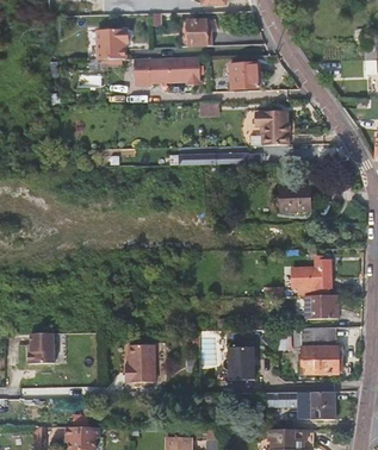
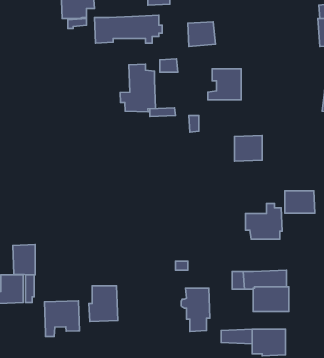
building: none -> [120,64,156,112]
building: [305,294,337,318] -> [285,191,315,213]
building: none -> [13,244,35,275]
building: none -> [44,301,79,337]

